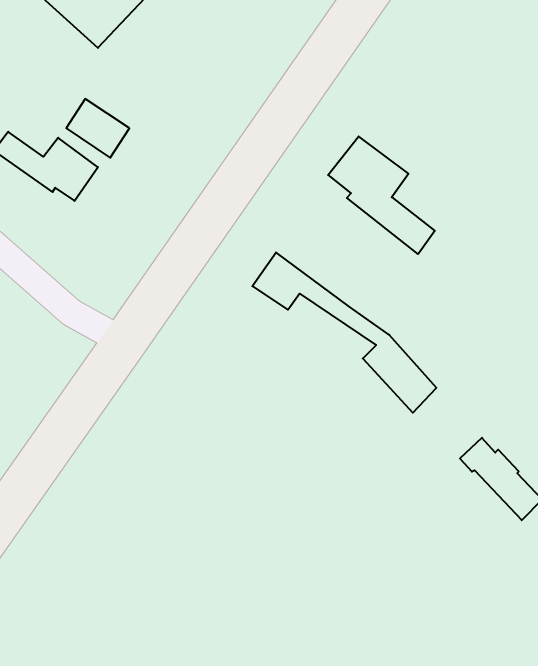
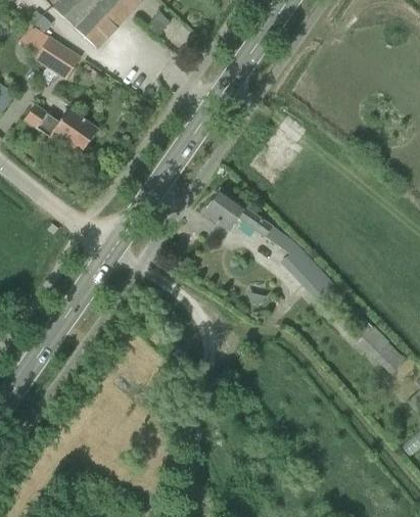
building: [66,99,129,158] -> [36,37,80,78]
building: [328,136,435,254] -> none

